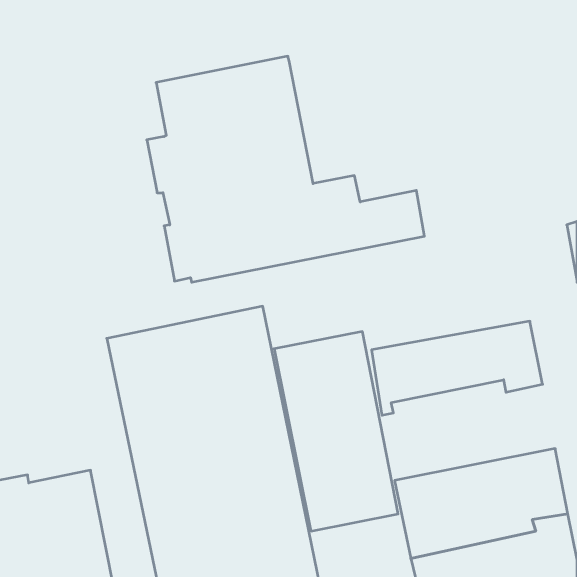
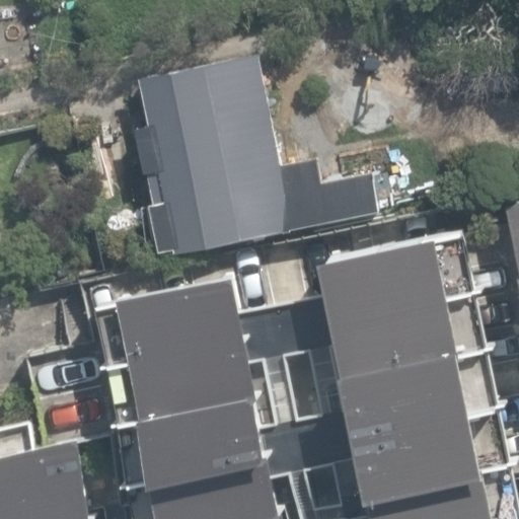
building: none -> [318,234,468,317]
building: none -> [338,344,491,433]

